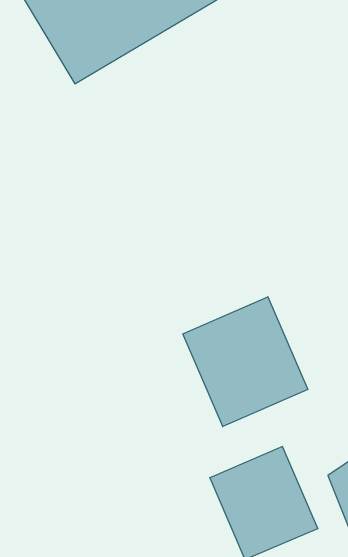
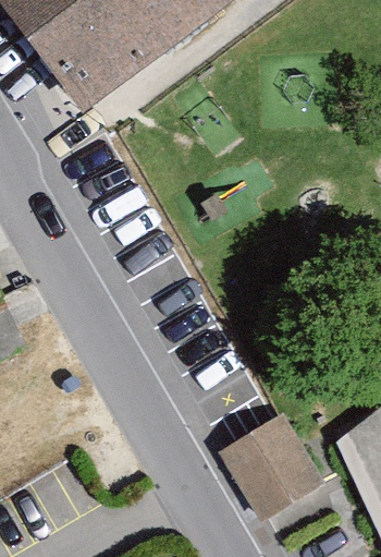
building: [183,297,308,427] -> none

